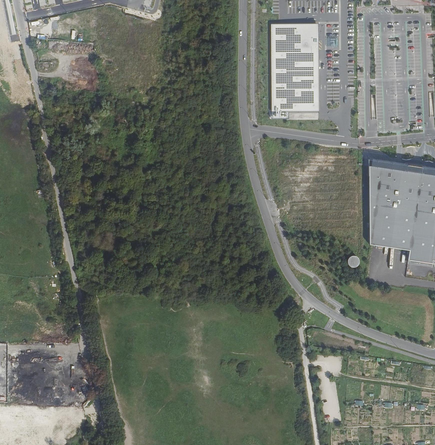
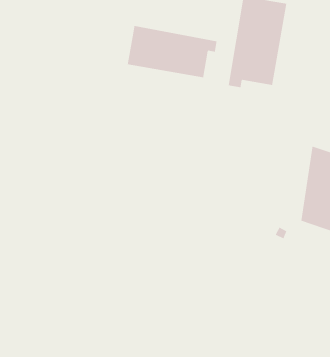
building: none -> [127,25,217,78]

